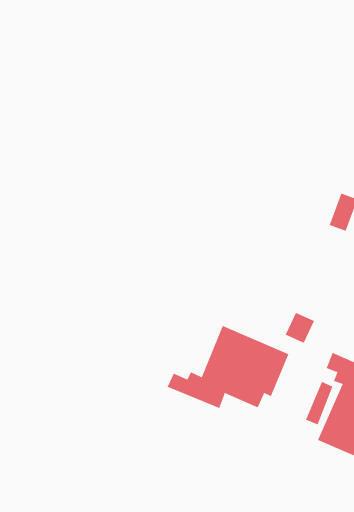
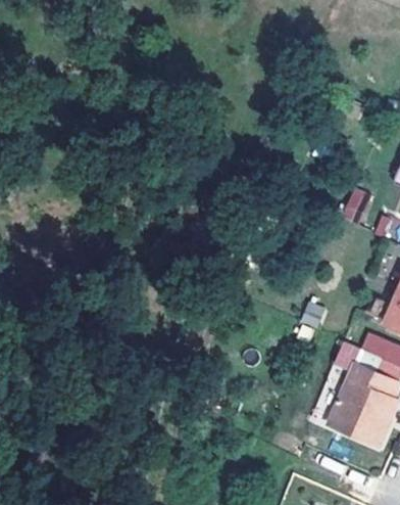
building: [167,325,289,409] -> none

